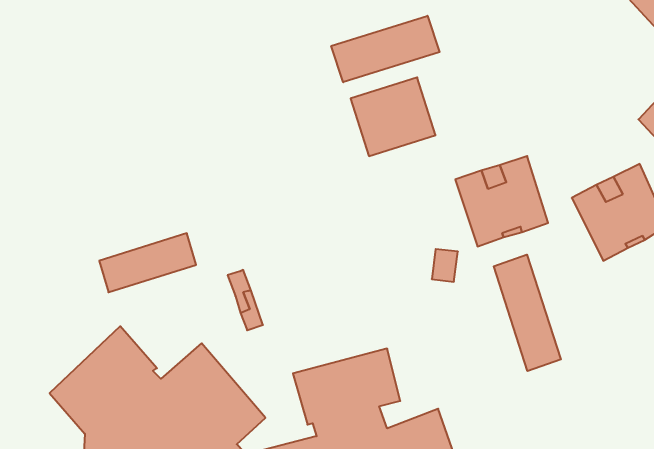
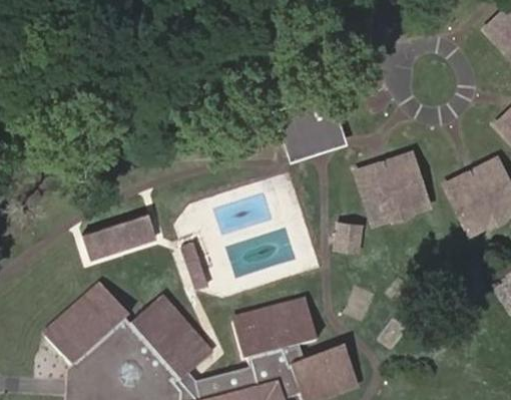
building: [331,16,440,82] -> none
building: [494,255,561,371] -> none

